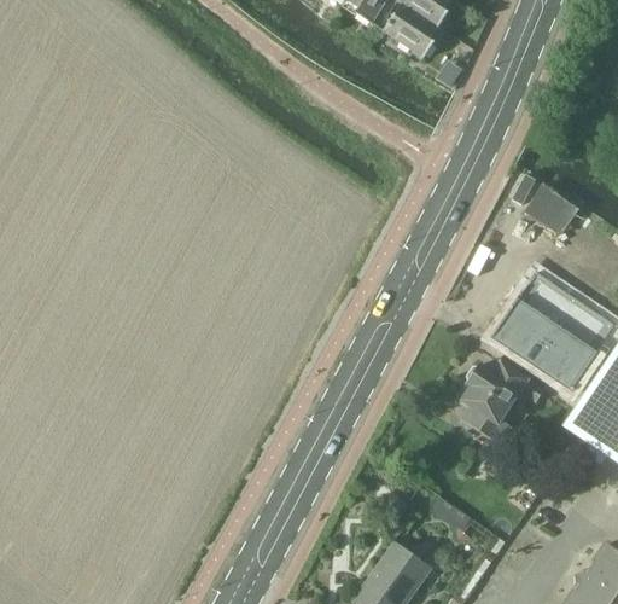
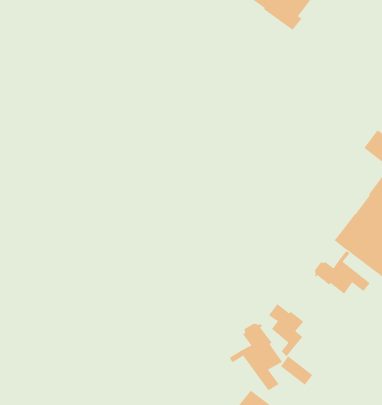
building: [462,385,511,457] -> [268,303,304,357]
building: none -> [229,323,283,391]

